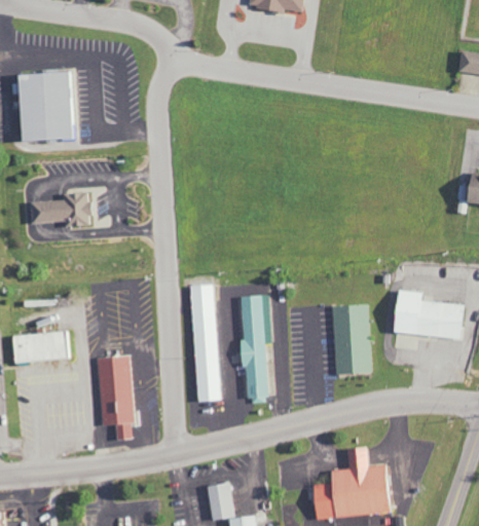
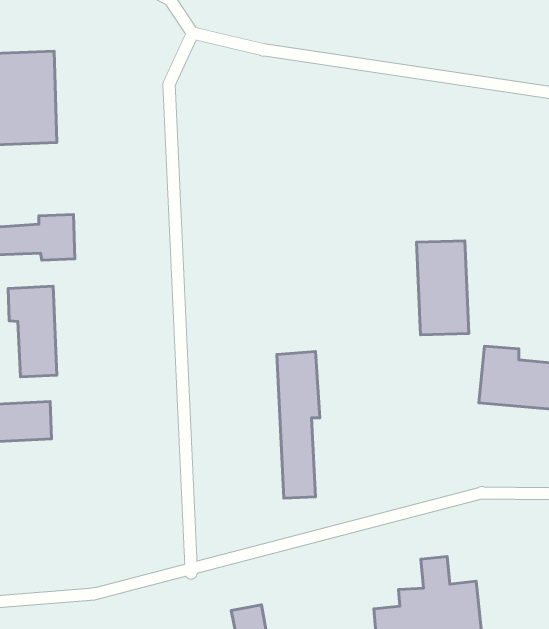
building: none -> [8,286,57,377]
building: [190,285,221,403] -> none
building: [332,305,371,375] -> [416,241,469,335]
building: [99,356,134,441] -> none

